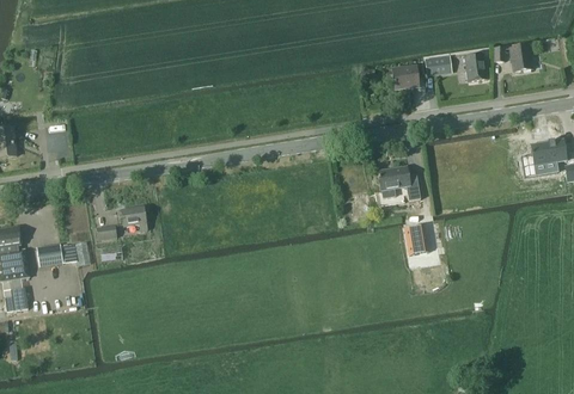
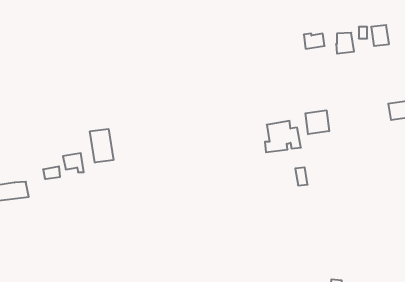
building: [392,66,419,90] -> none
building: none -> [305,110,329,134]
building: none -> [90,129,113,163]

